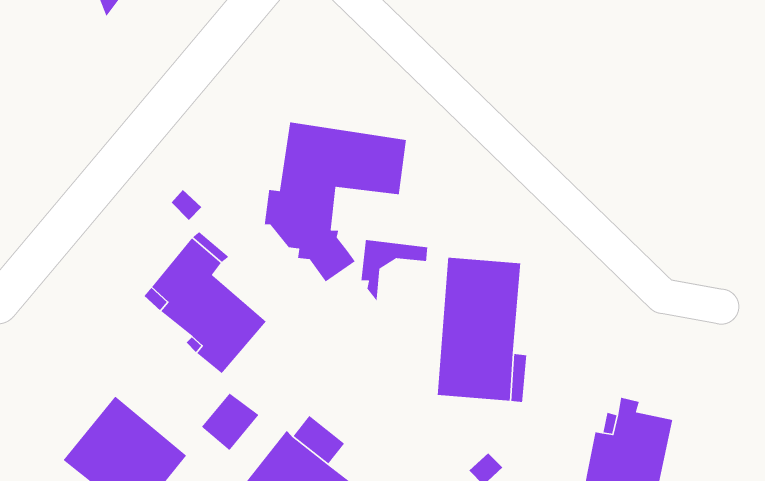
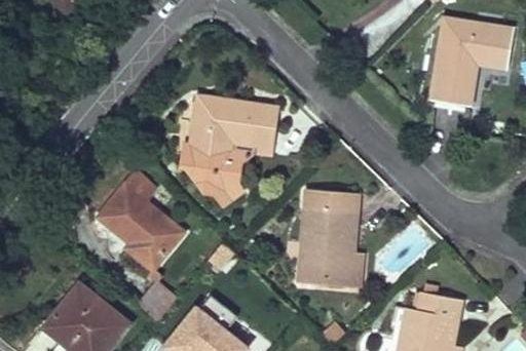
building: none -> [431,18,513,105]
building: [361,239,428,302] -> [227,141,273,184]

